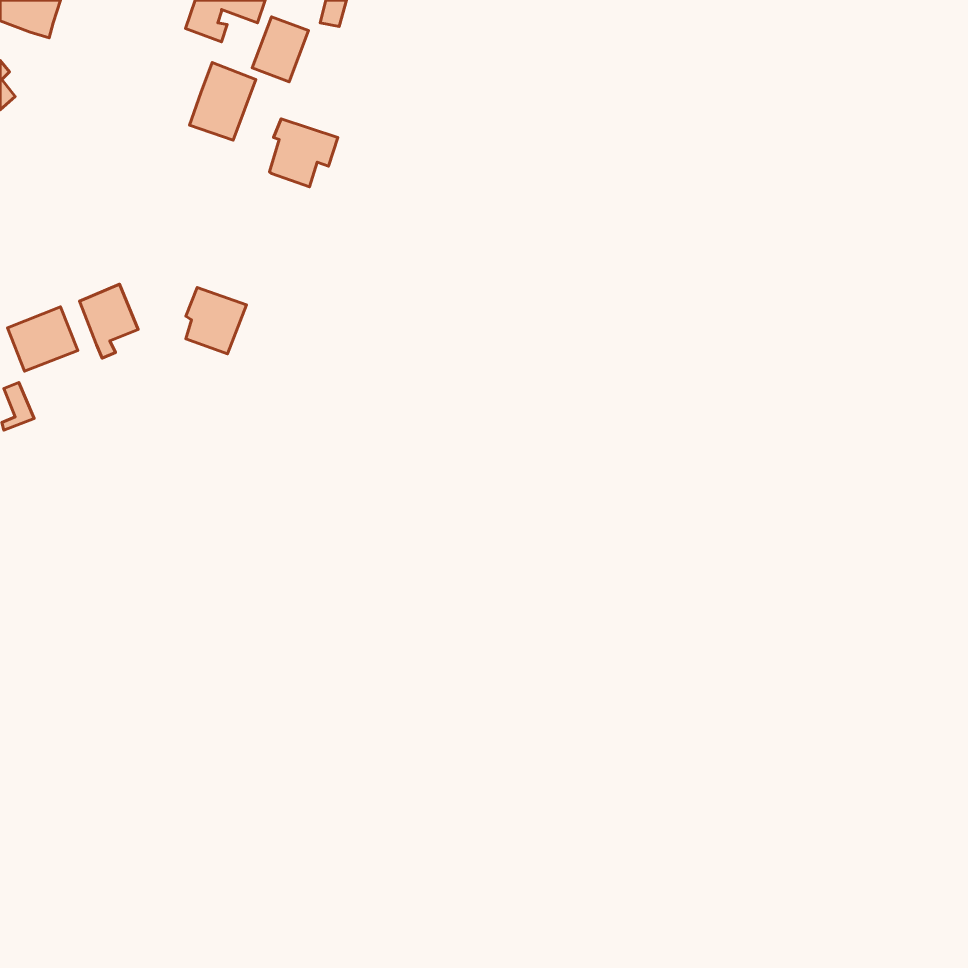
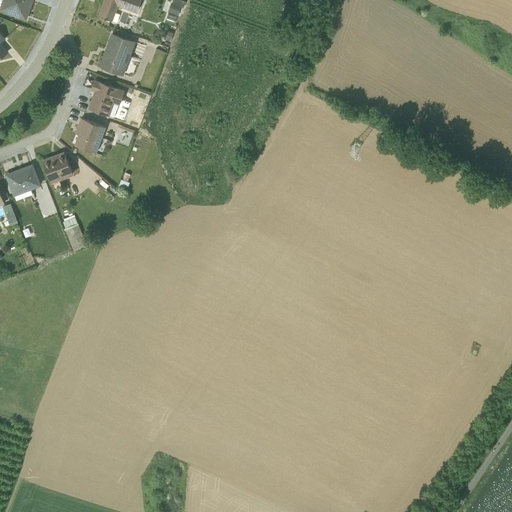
building: [252,17,308,82] -> none
building: [270,119,338,187] -> [88,79,124,115]
building: [186,288,247,354] -> [74,117,106,152]

